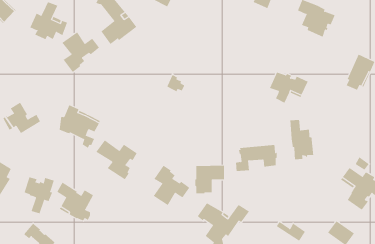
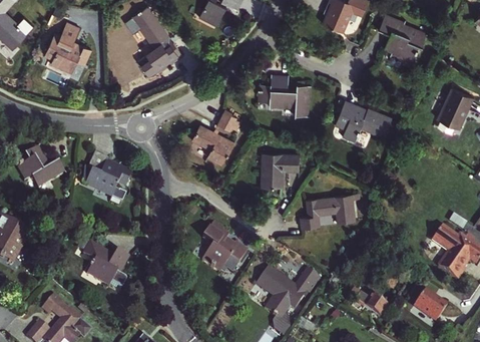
building: [62,32,100,73] -> none
building: none -> [256,74,308,116]
building: none -> [190,125,234,165]
building: [290,119,314,160] -> none
building: [95,140,138,180] -> none
building: [195,165,225,194] -> [263,152,300,188]
building: [24,176,54,214] -> none

